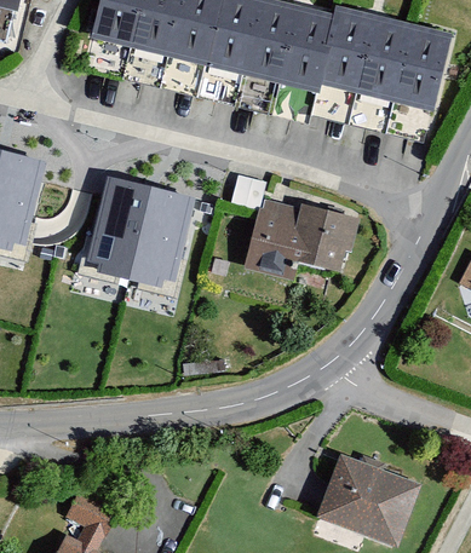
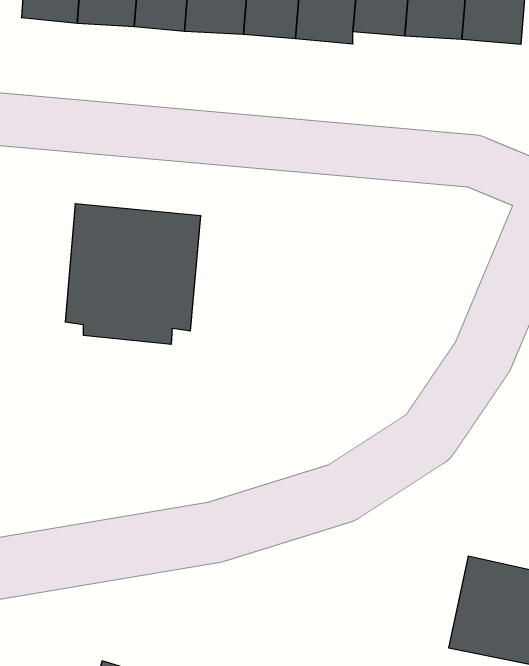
building: [242,196,354,271] -> none

